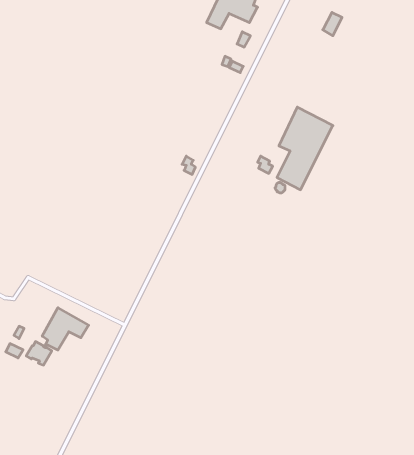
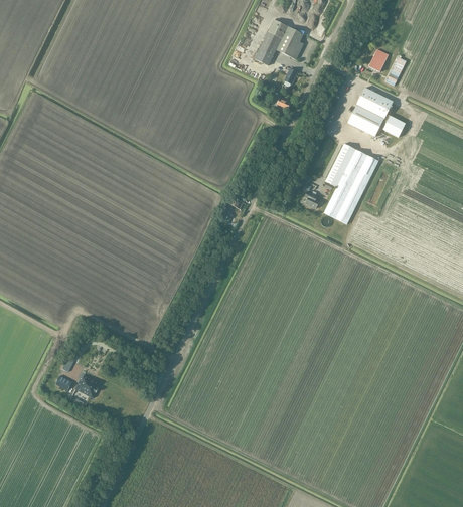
building: none -> [347,88,405,137]
building: [42,308,89,350] -> none

